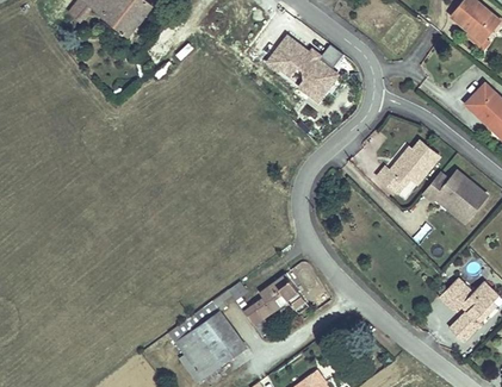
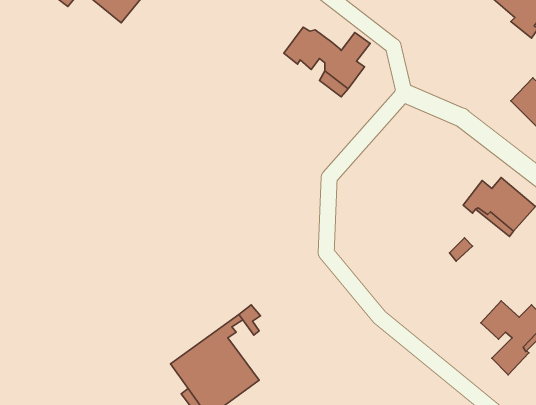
building: [378,141,440,193] -> none
building: [244,274,305,325] -> none

